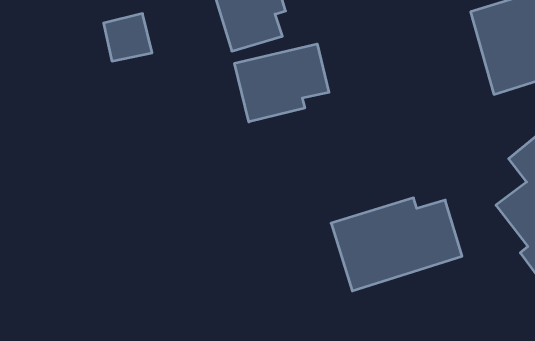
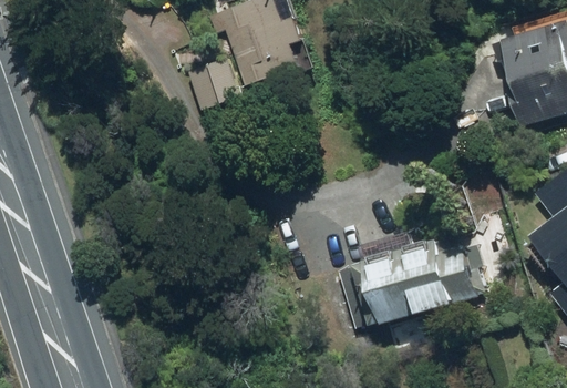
building: [104,14,152,61] -> [189,53,240,103]
building: [235,44,329,122] -> none

